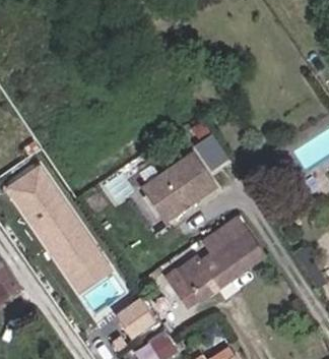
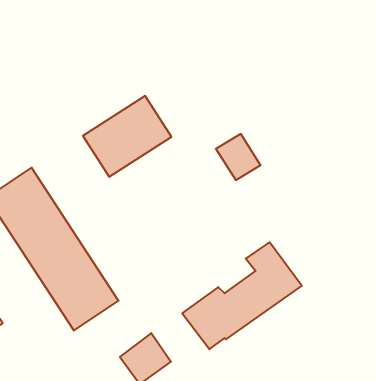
building: [144,154,216,220] -> [83,96,171,177]

